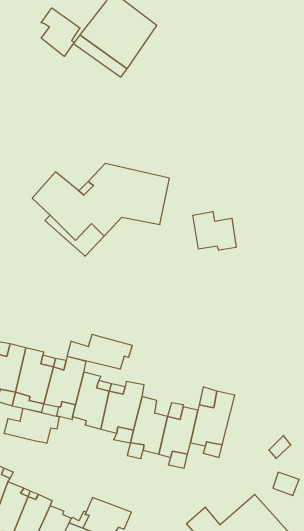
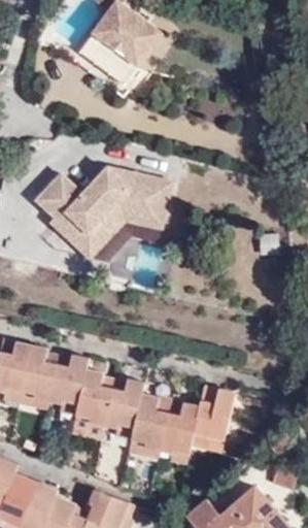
building: [41,8,80,56] -> none
building: [193,211,236,250] -> none
building: [67,334,132,369] -> none
building: [4,408,59,443] -> none

